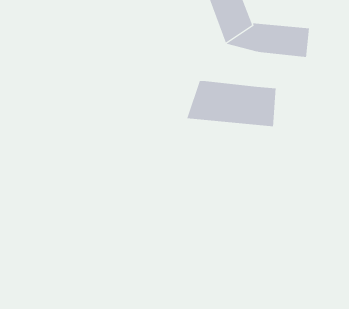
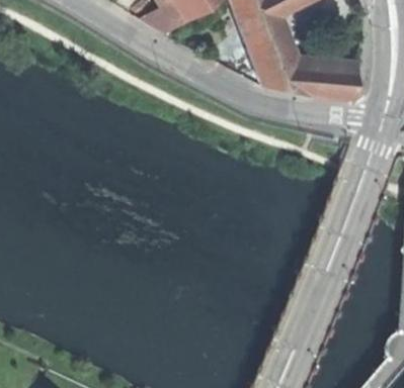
building: [187,80,276,127] -> none

